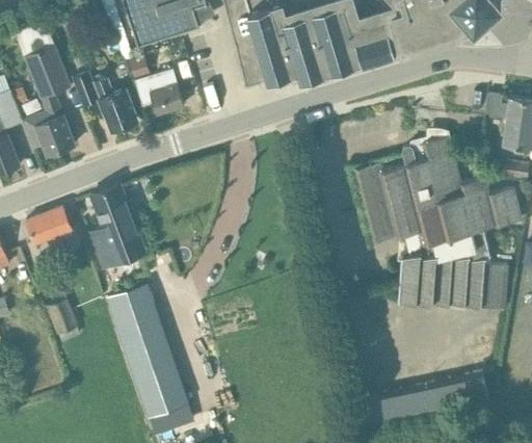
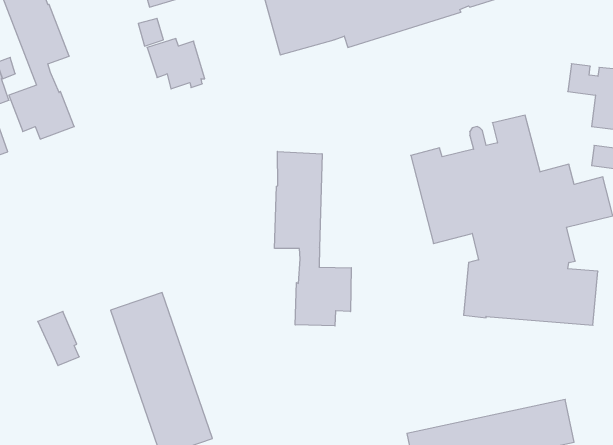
building: [72,72,139,132] -> none
building: none -> [275,151,351,326]
building: [91,185,145,268] -> none
building: [26,207,73,256] -> none

